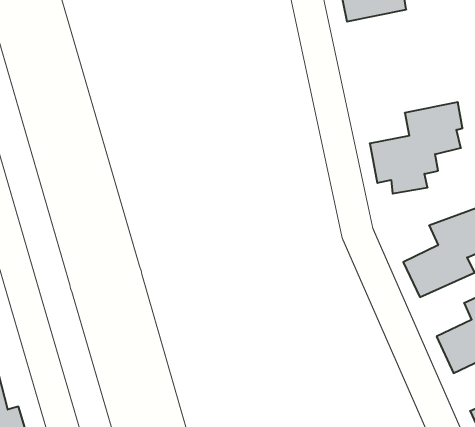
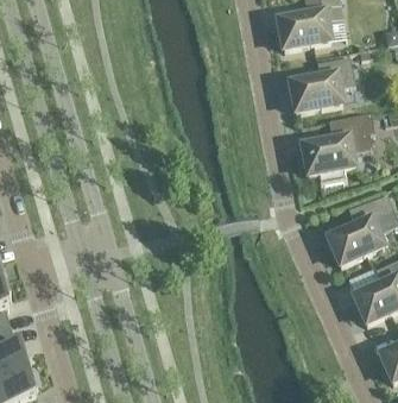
building: none -> [289,57,354,113]

